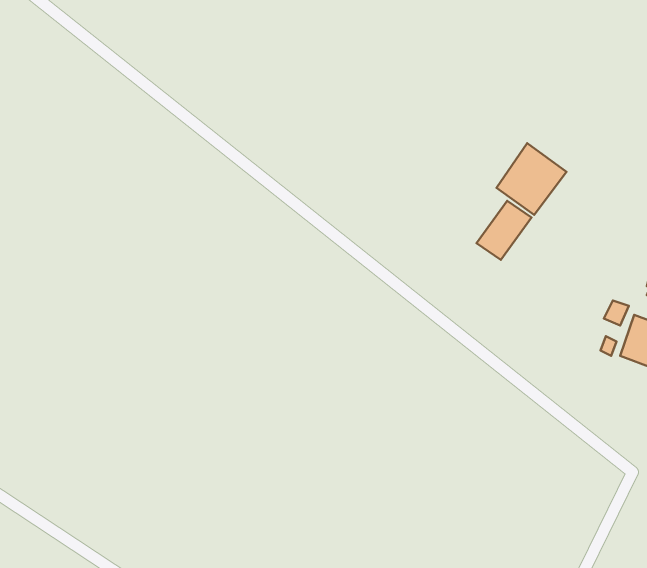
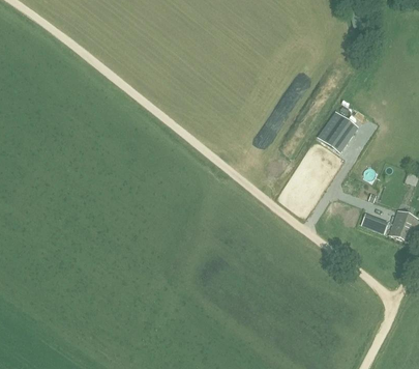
building: [476,201,531,260] -> none

